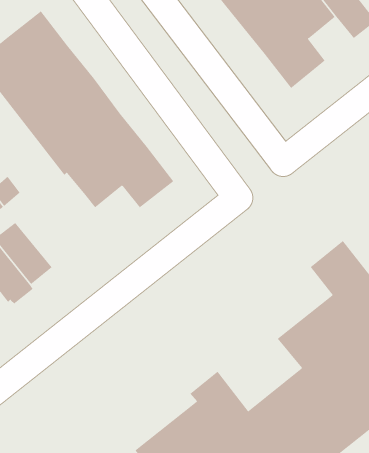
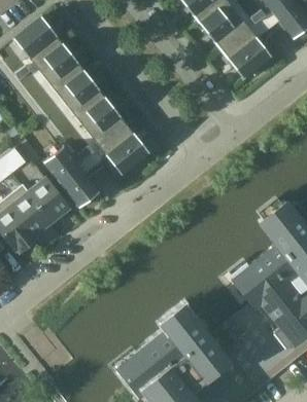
building: none -> [44,146,99,207]
building: none -> [22,178,70,221]

